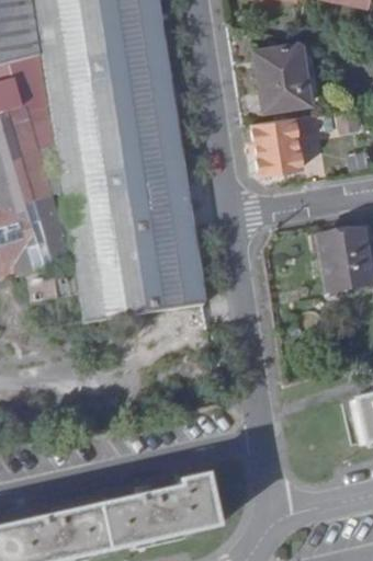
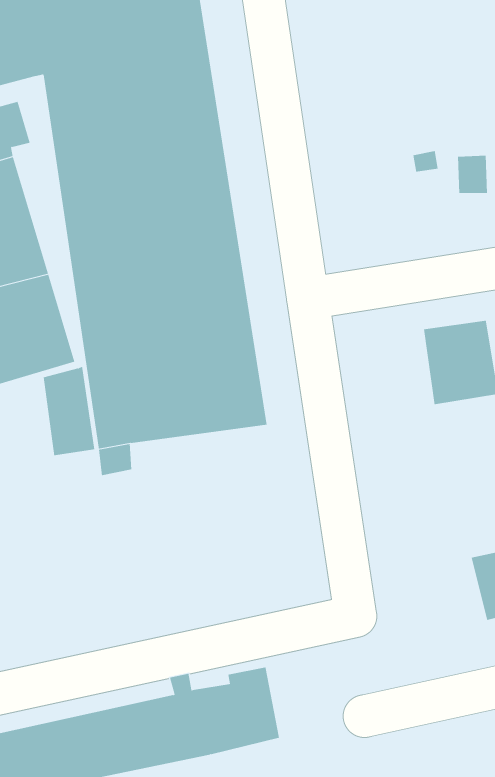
building: [256,43,312,108] -> none
building: [253,114,303,170] -> none

